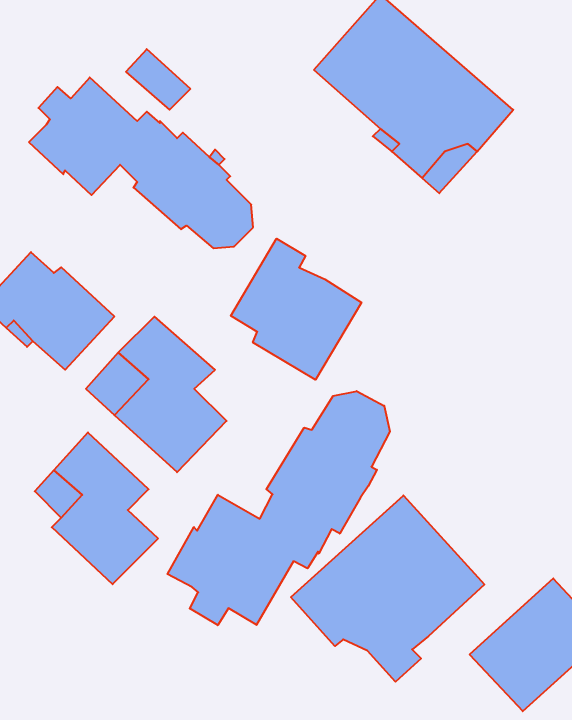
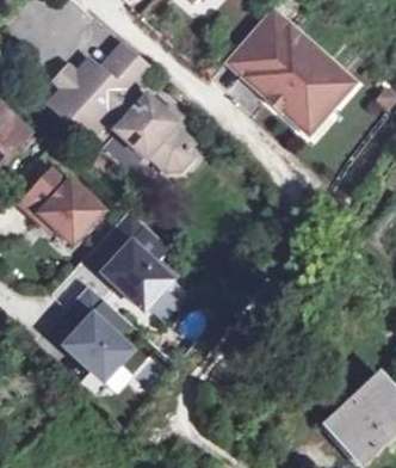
building: [231,239,361,380] -> none
building: [167,391,390,625] -> none
building: [291,495,484,682] -> none

